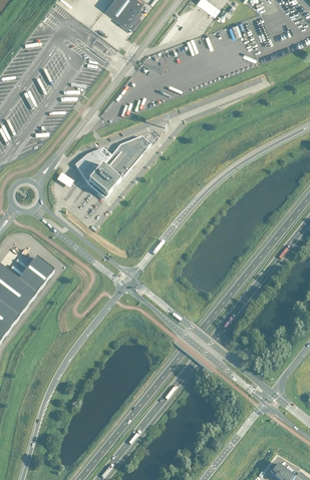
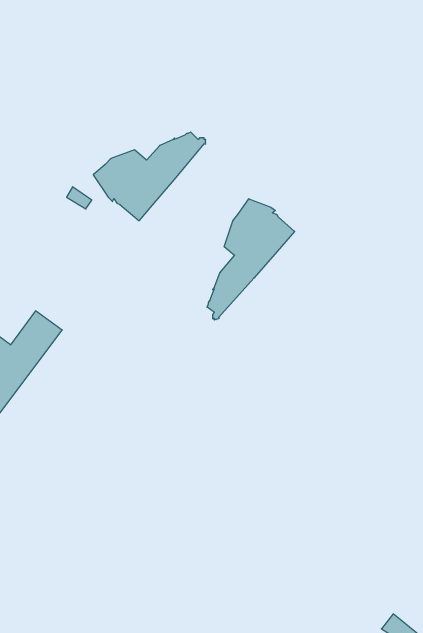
building: none -> [207,199,295,320]

